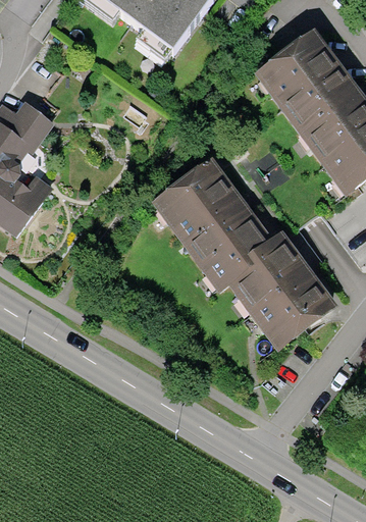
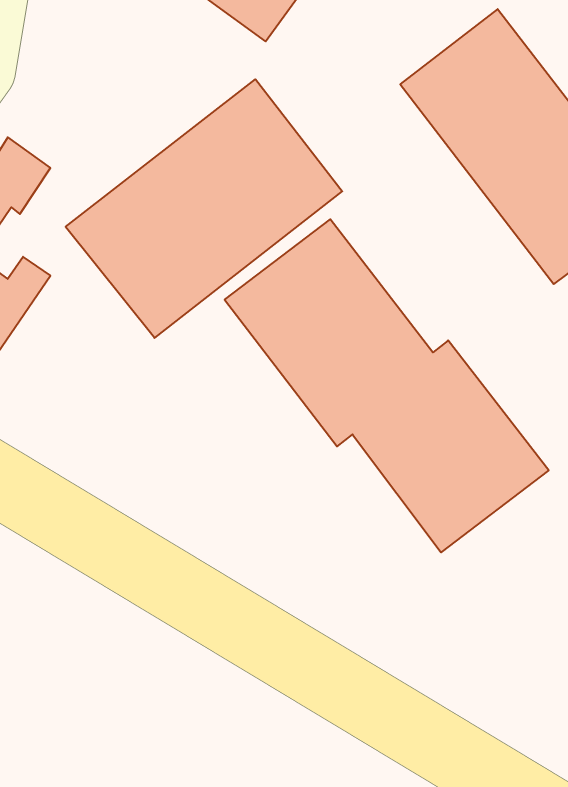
building: none -> [66,79,342,338]

